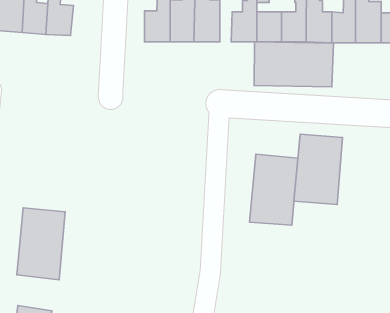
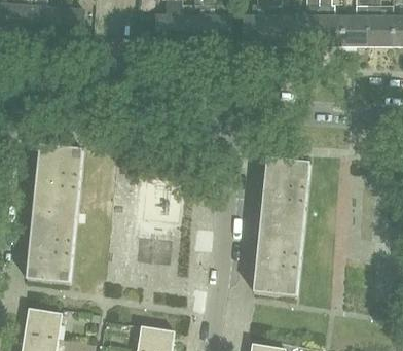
building: [254,42,333,87] -> none
building: [294,134,342,204] -> [253,225,301,295]
building: none -> [33,145,82,215]

